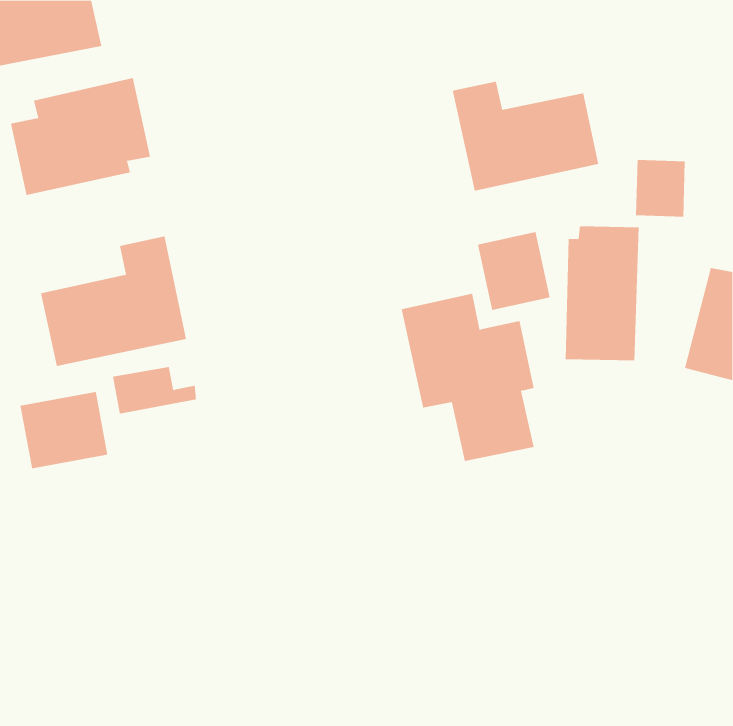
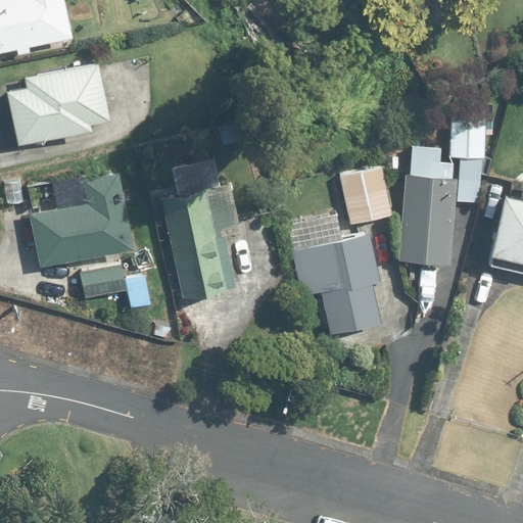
building: [452,81,599,192] -> none
building: none -> [161,161,240,298]
building: [20,391,108,469] -> none

